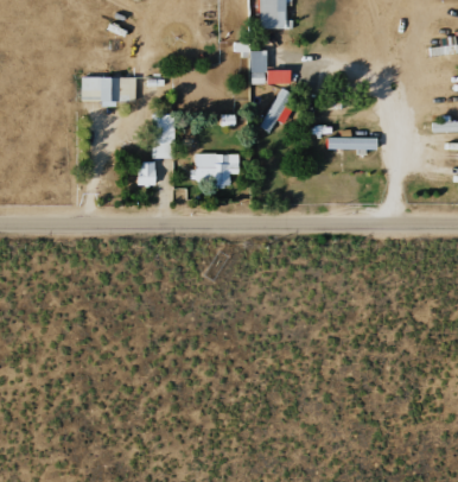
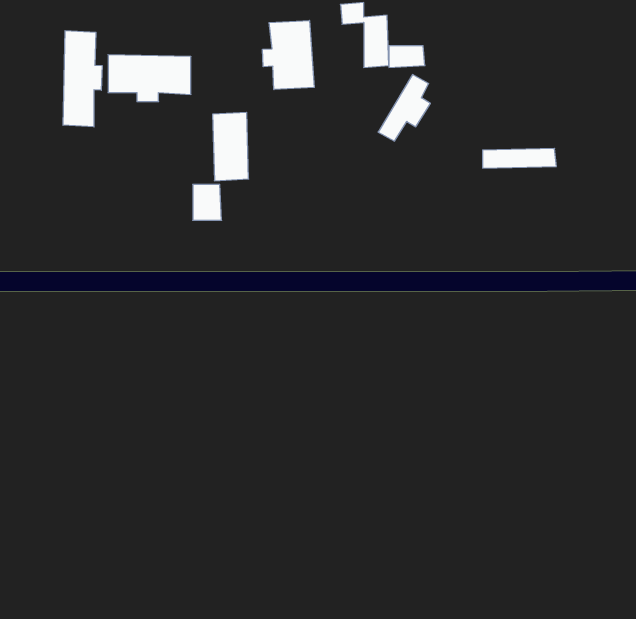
building: none -> [263,20,314,90]
building: none -> [63,31,102,127]
building: [195,153,240,188] -> none

